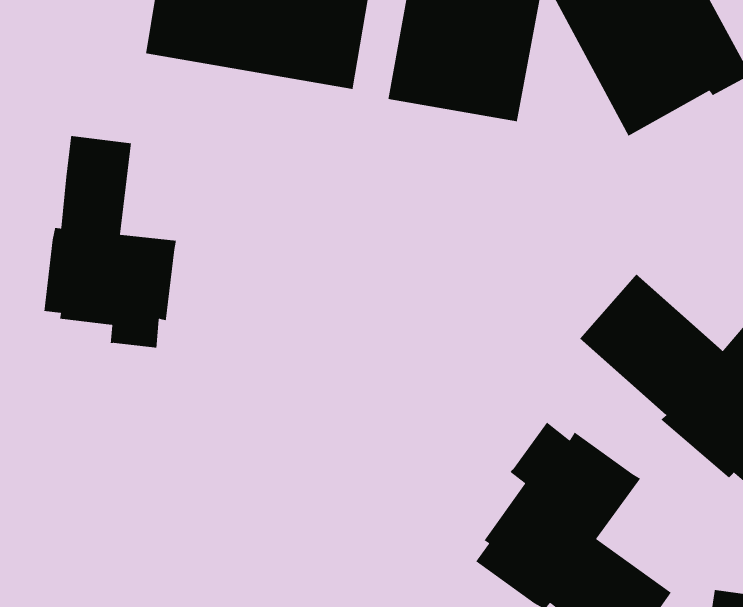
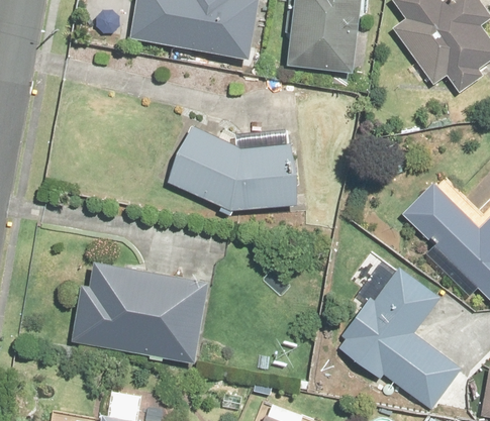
building: [43,135,177,348] -> none
building: none -> [145,129,291,224]
building: none -> [61,259,199,373]

